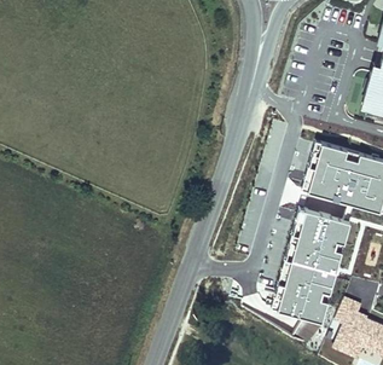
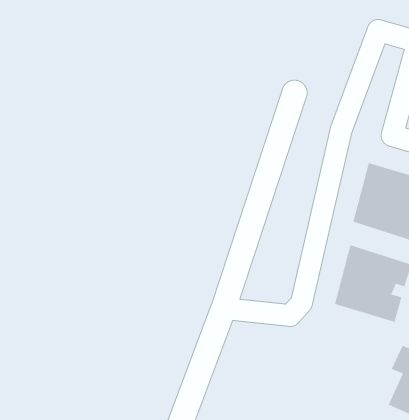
building: [274,263,338,328] -> none

